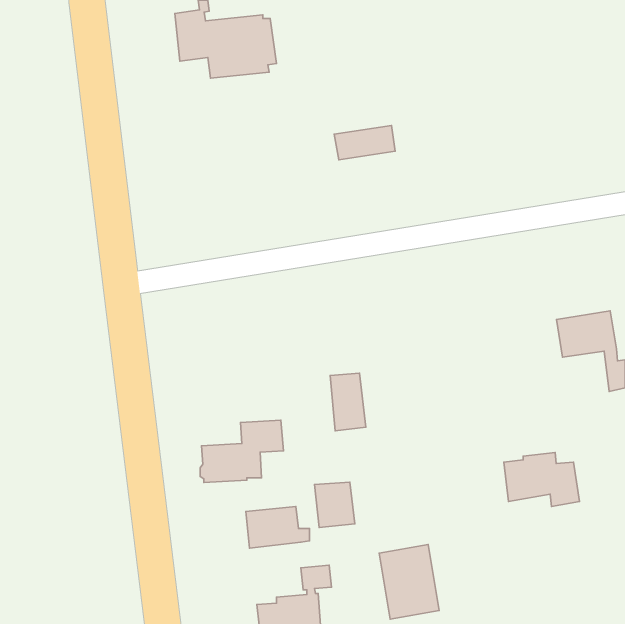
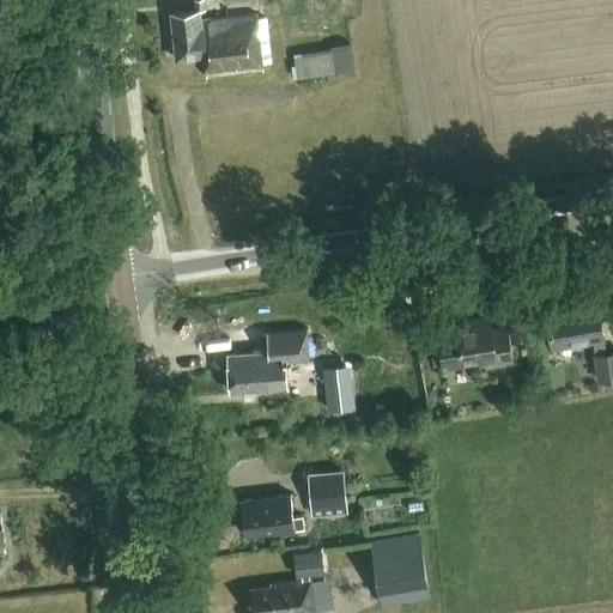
building: [334,126,395,160] -> [293,44,353,78]
building: [200,420,283,483] -> [226,333,308,394]
building: [504,453,580,506] -> [438,321,512,374]

